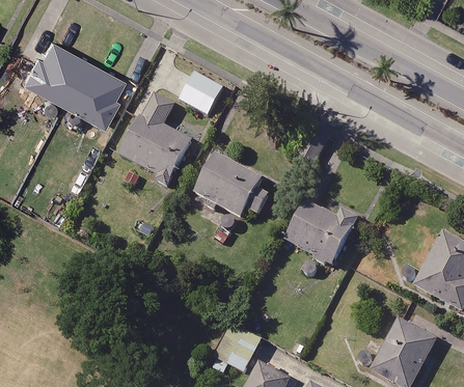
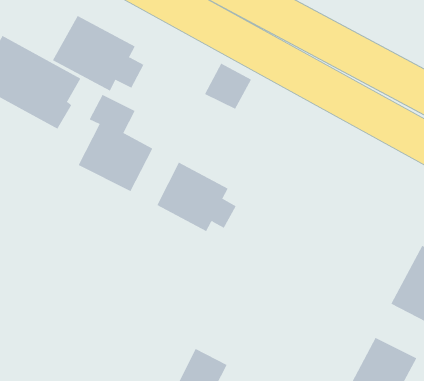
building: none -> [52,15,144,91]
building: [179,72,223,115] -> [204,63,252,110]
building: [283,198,358,266] -> none

